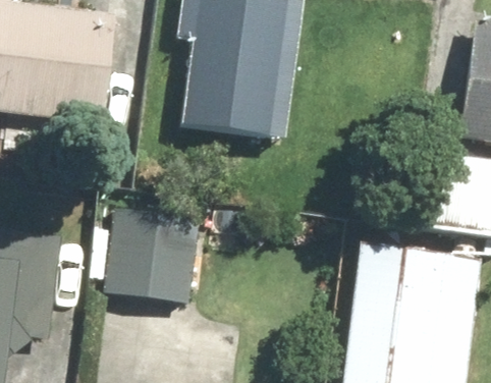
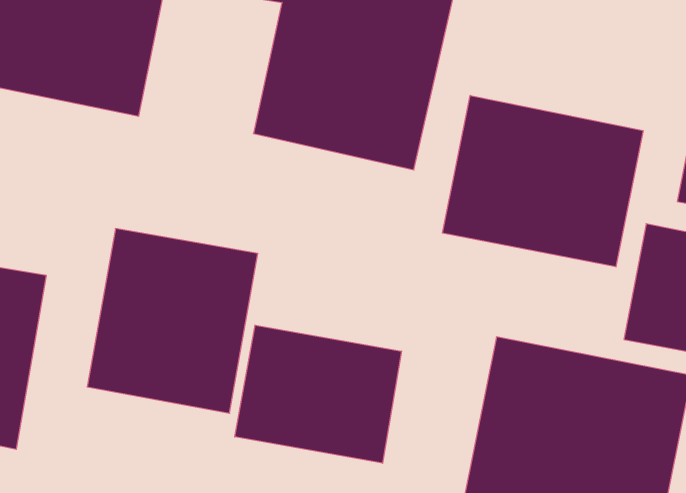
building: none -> [442,95,643,267]
building: none -> [235,325,401,463]

